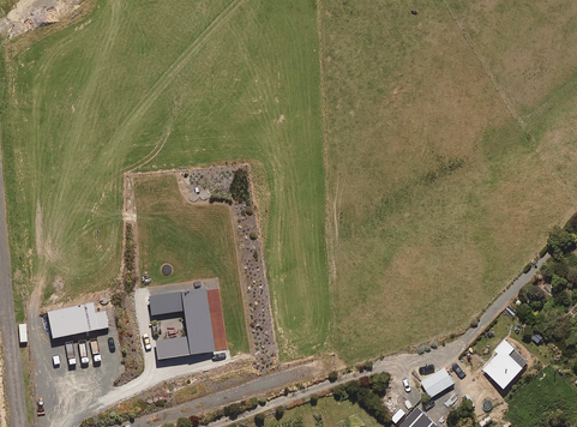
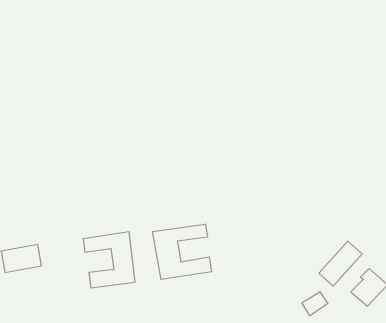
building: none -> [153,224,212,280]
building: none -> [319,241,362,286]

